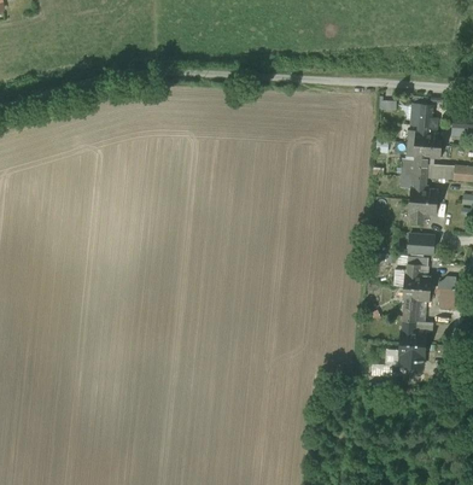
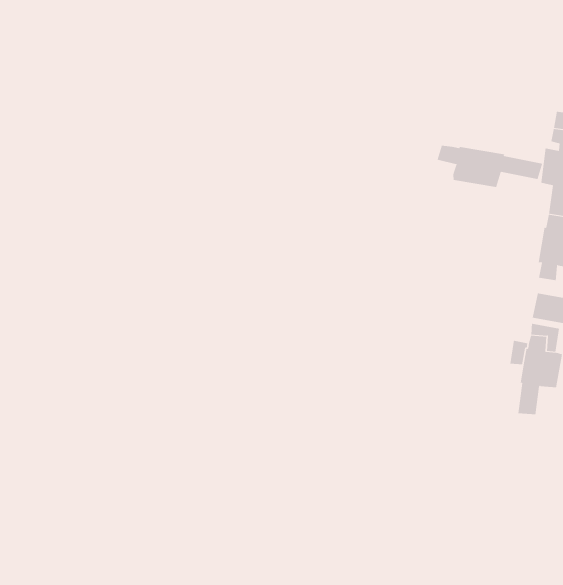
building: none -> [437,145,543,188]
building: [398,321,427,367] -> none

